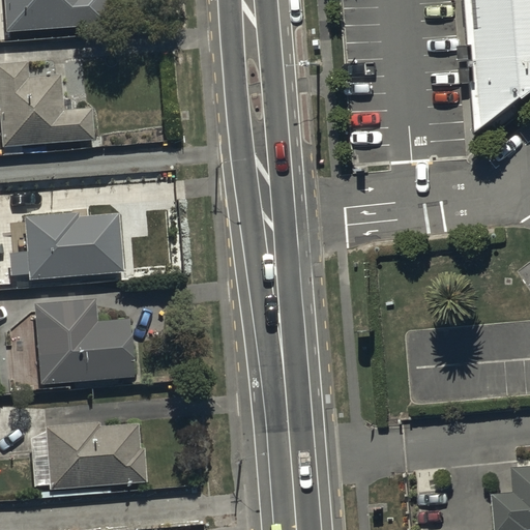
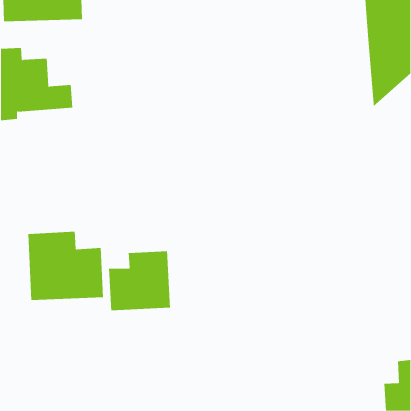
building: [9,211,123,277] -> none
building: none -> [109,251,170,311]
building: [33,420,148,489] -> none

